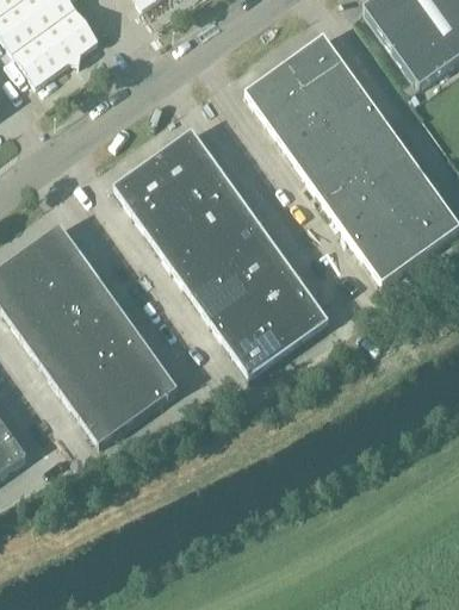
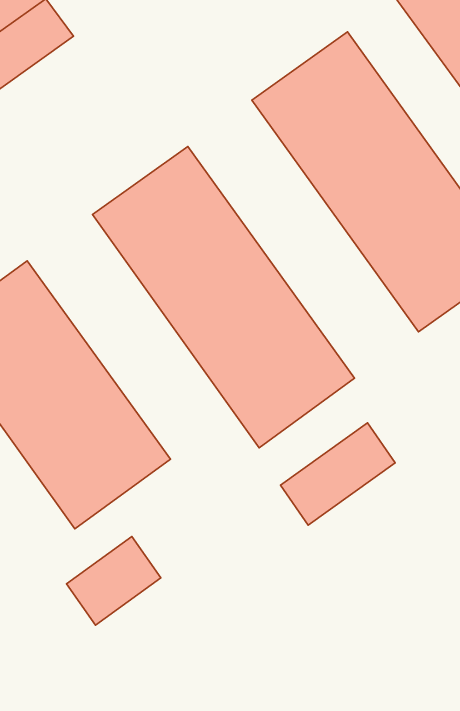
building: none -> [280,423,395,525]
building: none -> [66,537,161,625]

